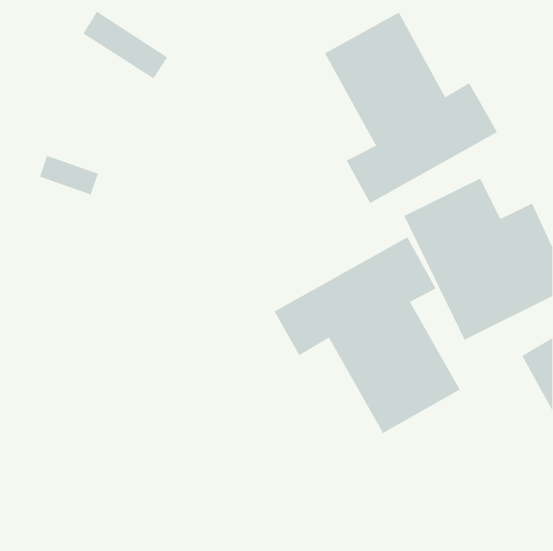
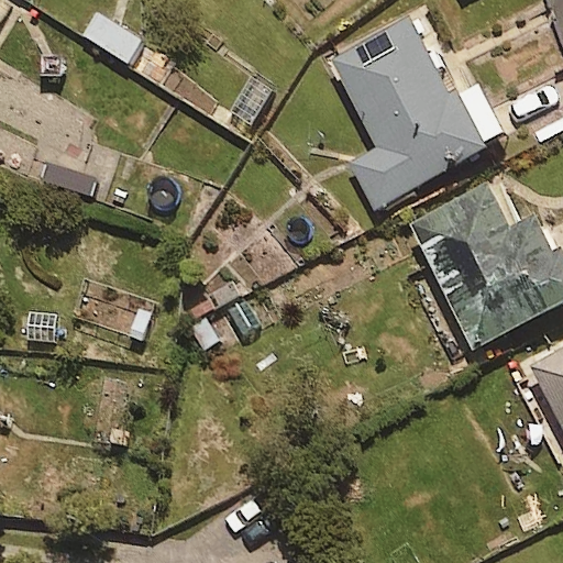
building: [274,236,460,434] -> none

